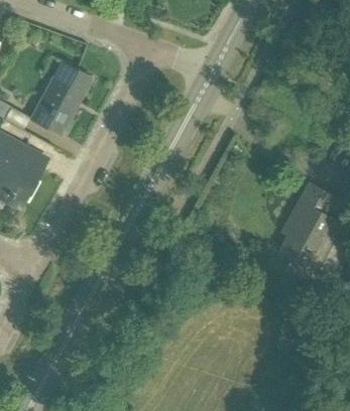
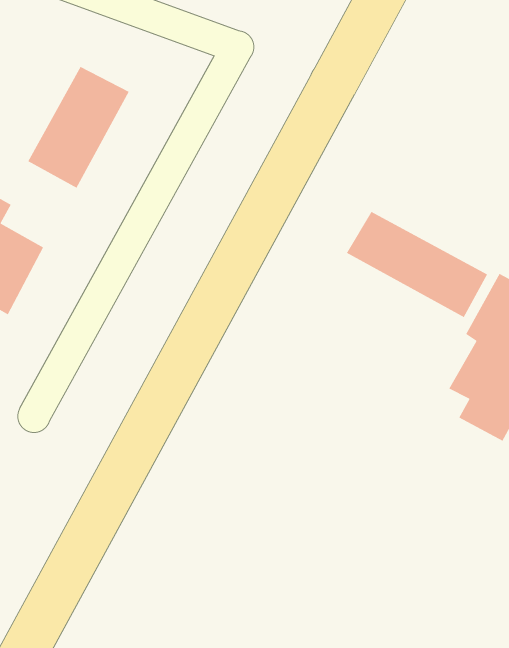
building: none -> [346,211,488,318]

